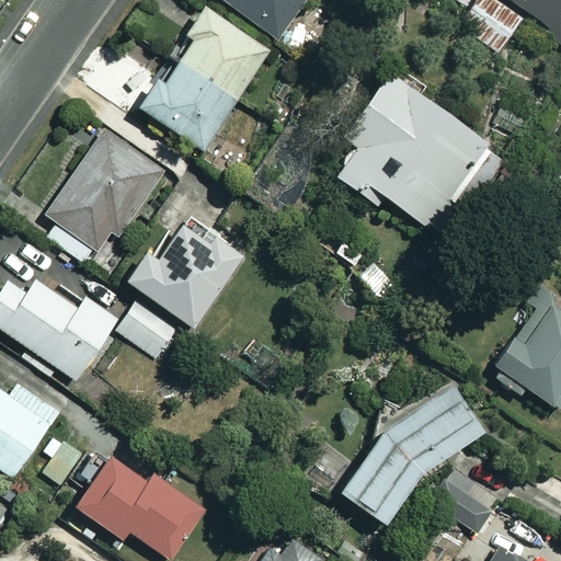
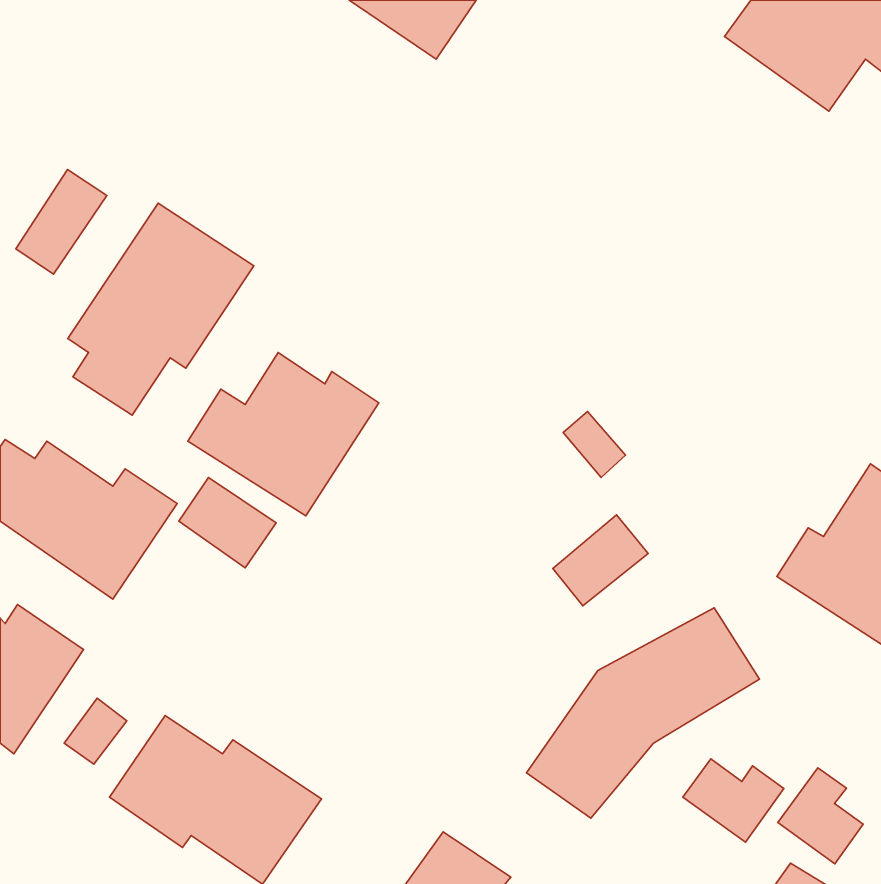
building: [141,10,272,151] -> none
building: [321,71,488,236] -> none
building: none -> [16,170,107,274]
building: none -> [553,515,648,606]
building: none -> [778,768,863,864]

